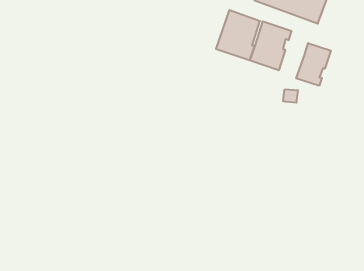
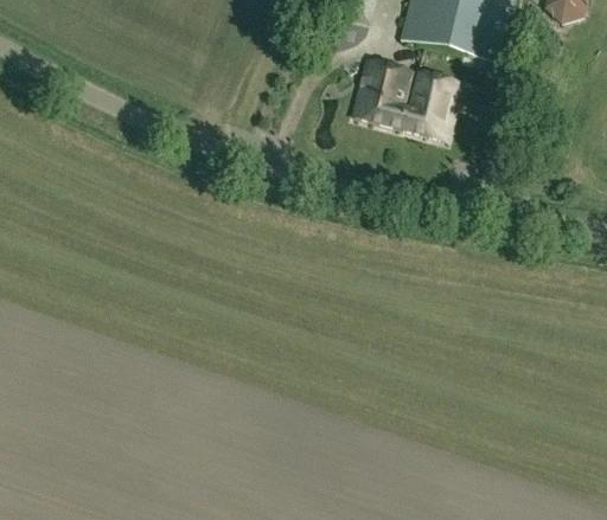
building: [296,43,331,86] -> none

